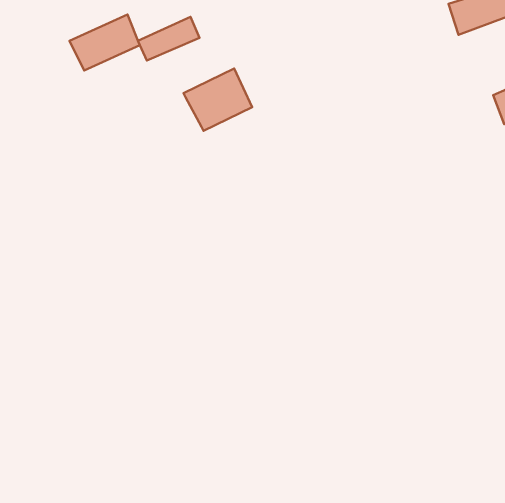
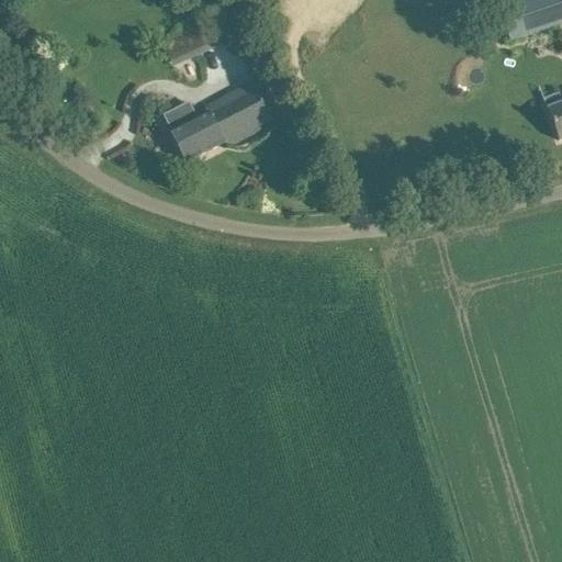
building: [69,15,140,70] -> none
building: none -> [165,99,225,160]

